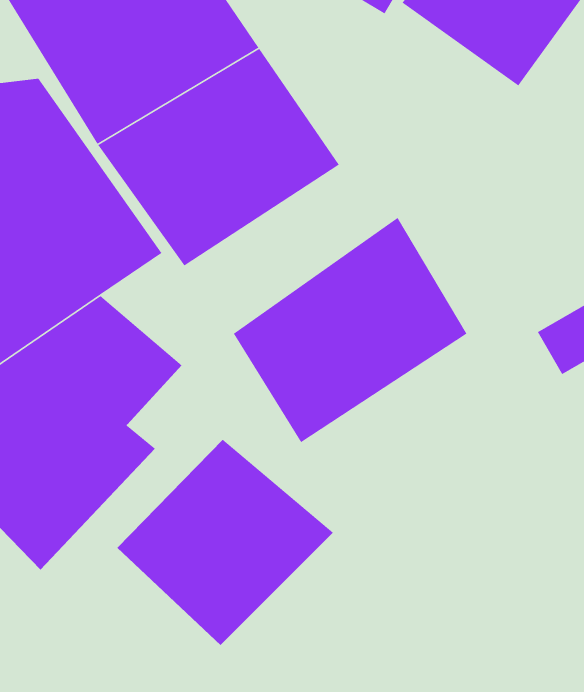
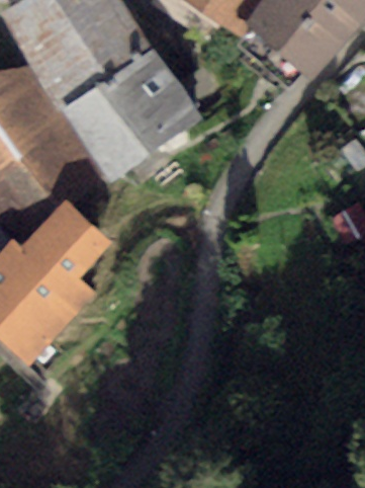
building: [233,217,467,443] -> none
building: [117,439,334,646] -> none

